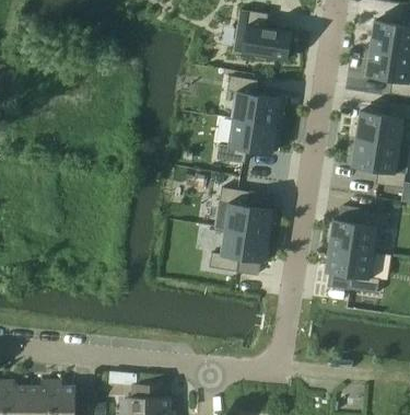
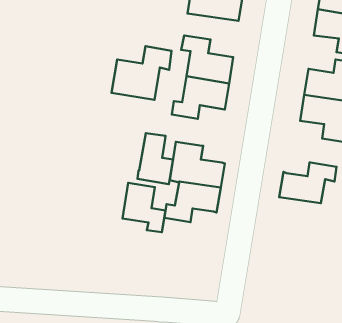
building: none -> [112,46,172,100]
building: none -> [138,133,173,184]
building: none -> [123,183,166,232]
building: [324,246,377,295] -> none

